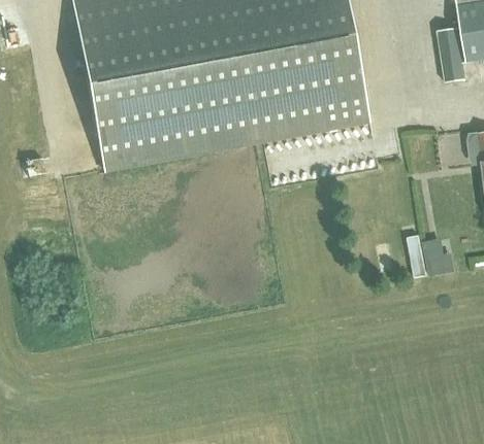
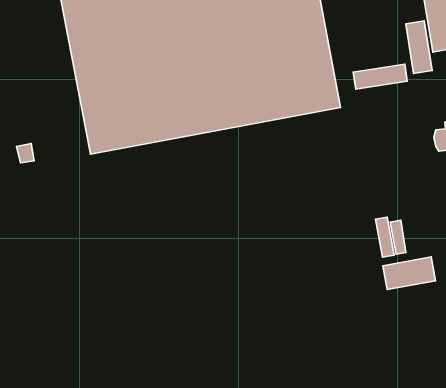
building: none -> [353,64,407,89]
building: none -> [383,257,435,290]

